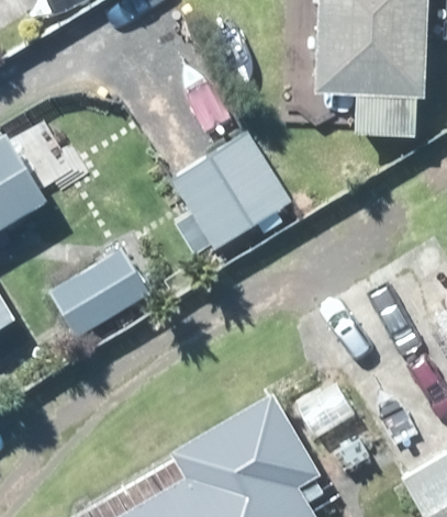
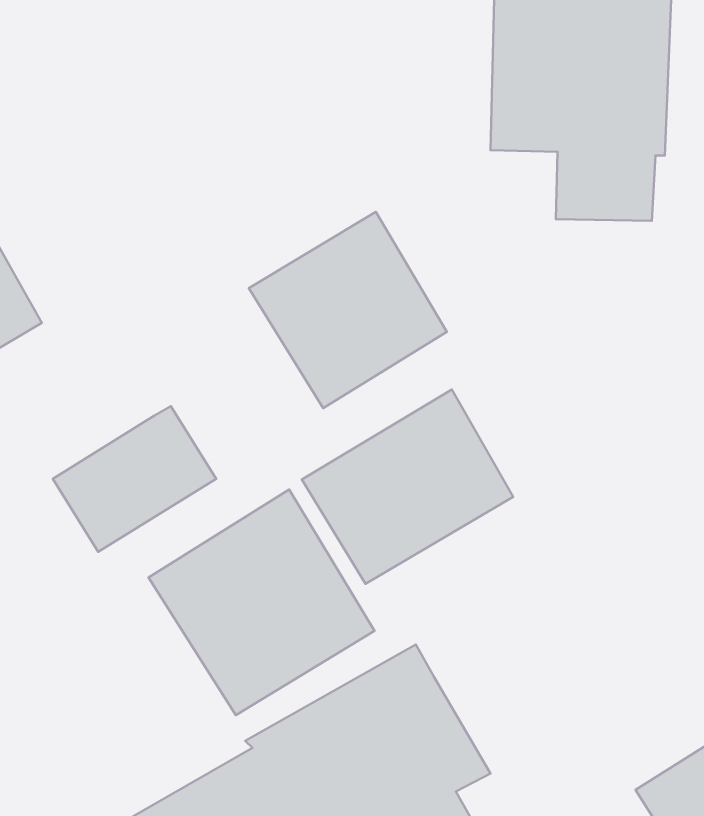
building: none -> [302,389,513,584]
building: none -> [149,490,375,715]

